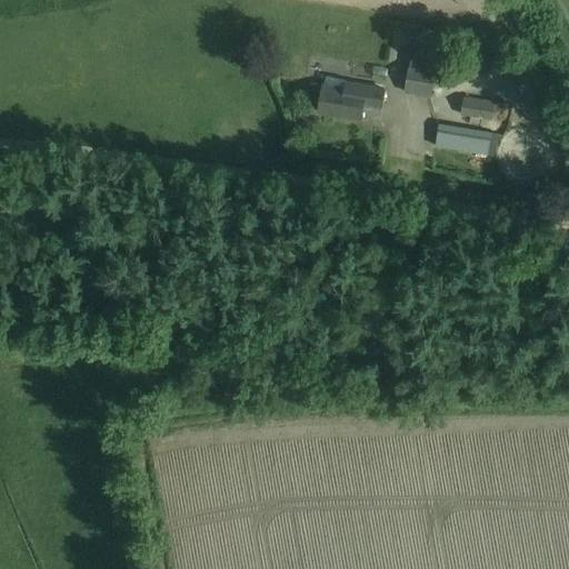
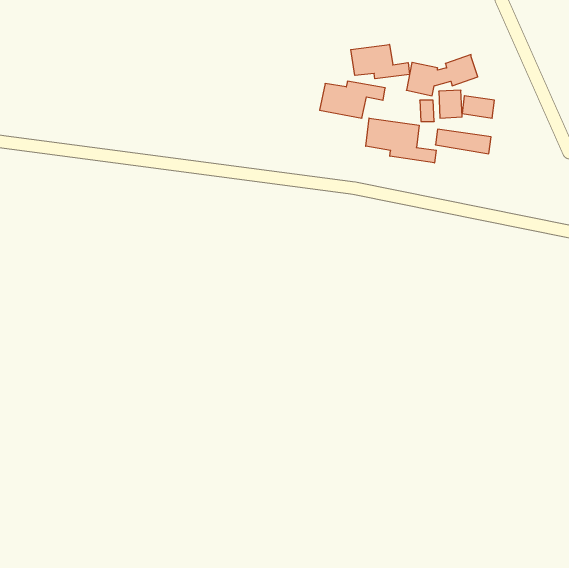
building: none -> [351,44,410,79]
building: none -> [366,118,436,163]

